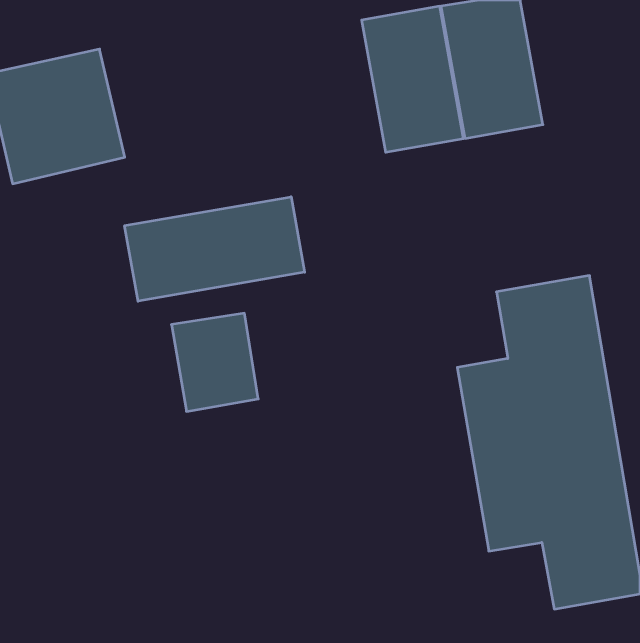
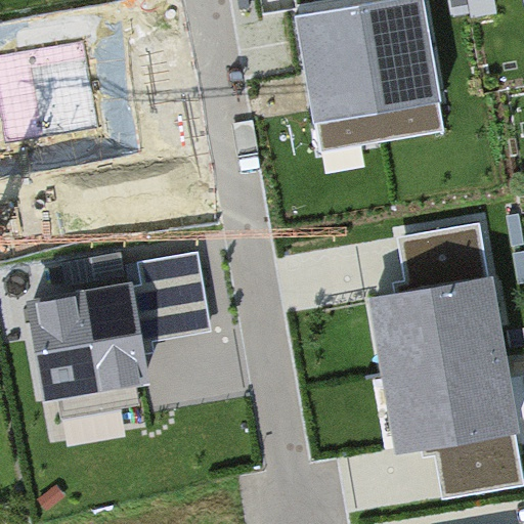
building: [125,197,305,301] -> none
building: none -> [30,289,144,396]

